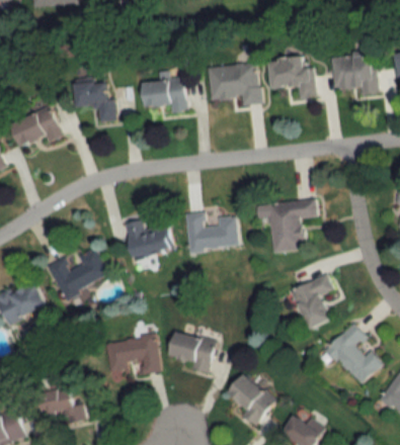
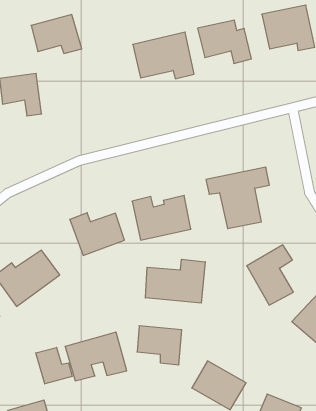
building: [145,78,189,113] -> [31,15,82,53]
building: none -> [145,259,205,303]
building: none -> [36,347,72,384]

